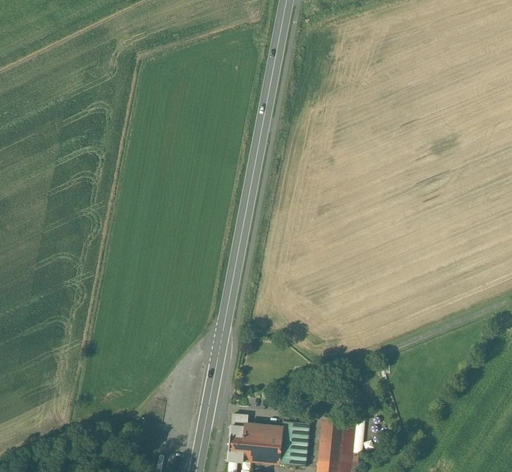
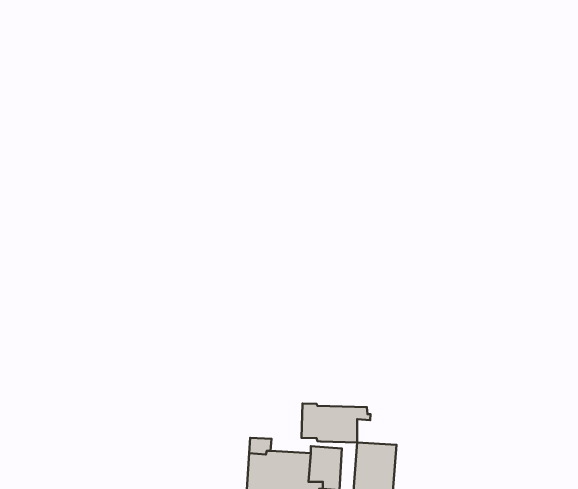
building: none -> [302,404,371,443]

